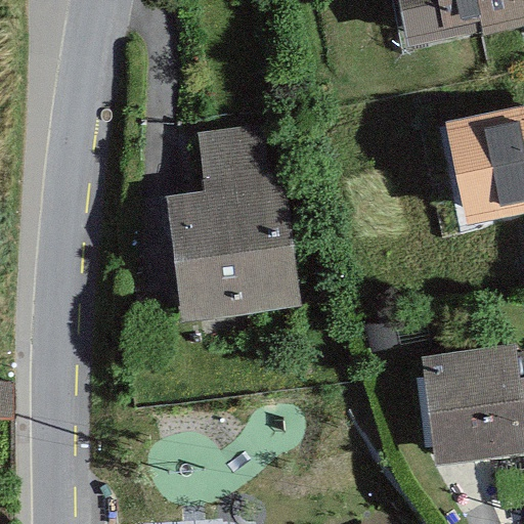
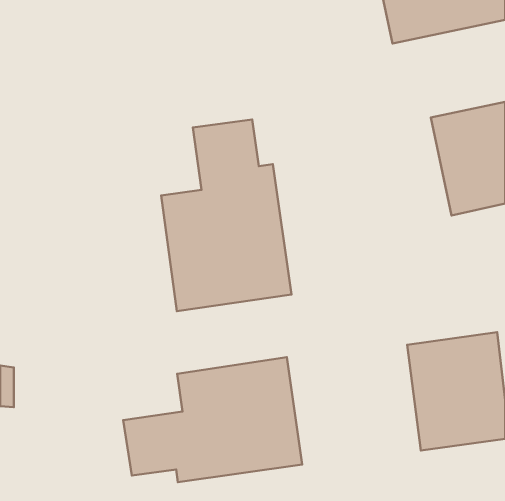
building: none -> [123,357,302,482]

